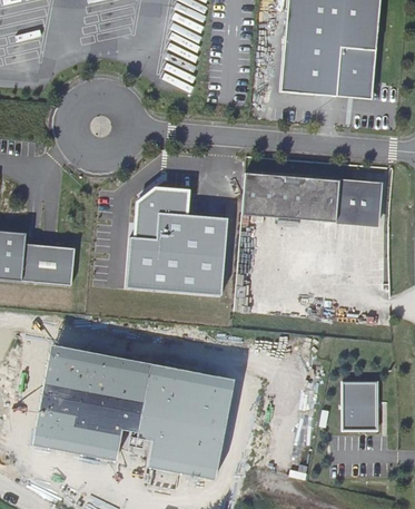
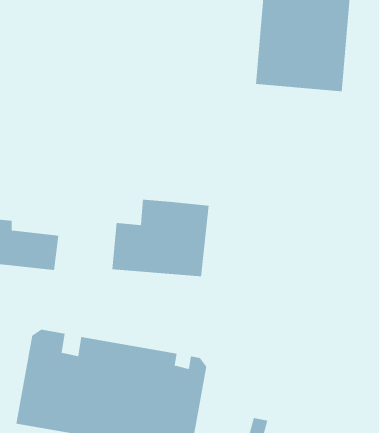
building: [243,172,382,225] -> none
building: [136,185,195,238] -> none
building: [343,381,378,430] -> none

